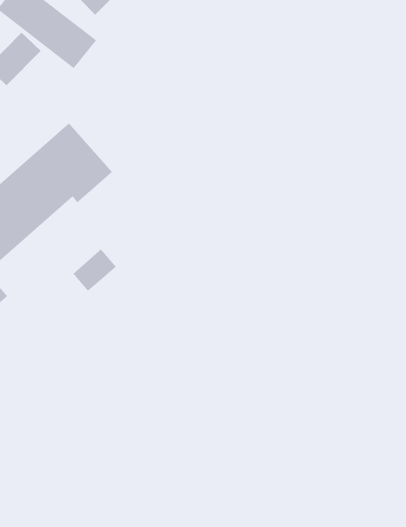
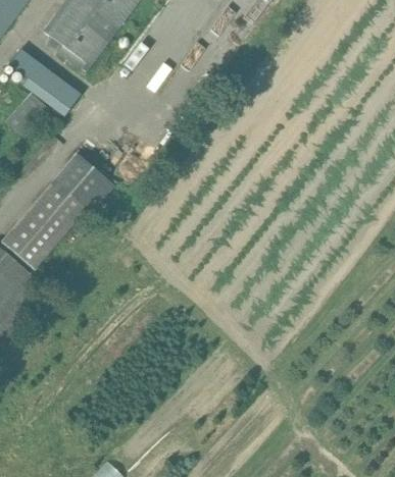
building: [72,249,117,292] -> none

